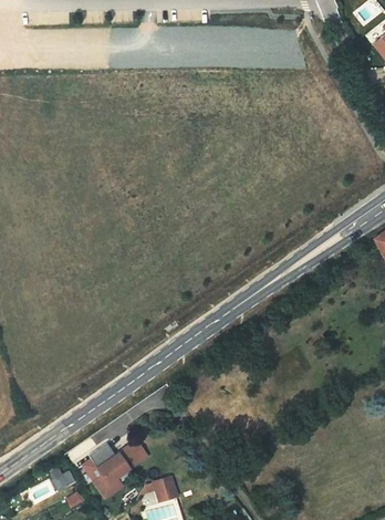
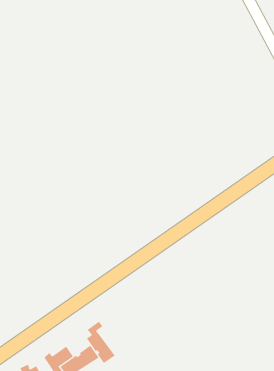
building: none -> [86,321,115,364]

